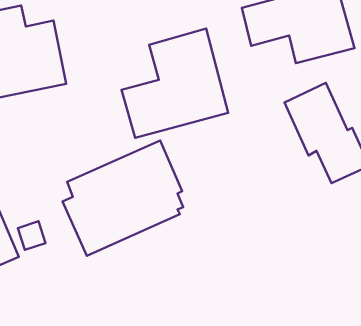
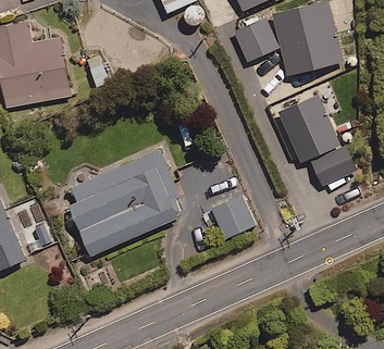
building: [121,28,228,138] -> none
building: none -> [209,196,253,239]

